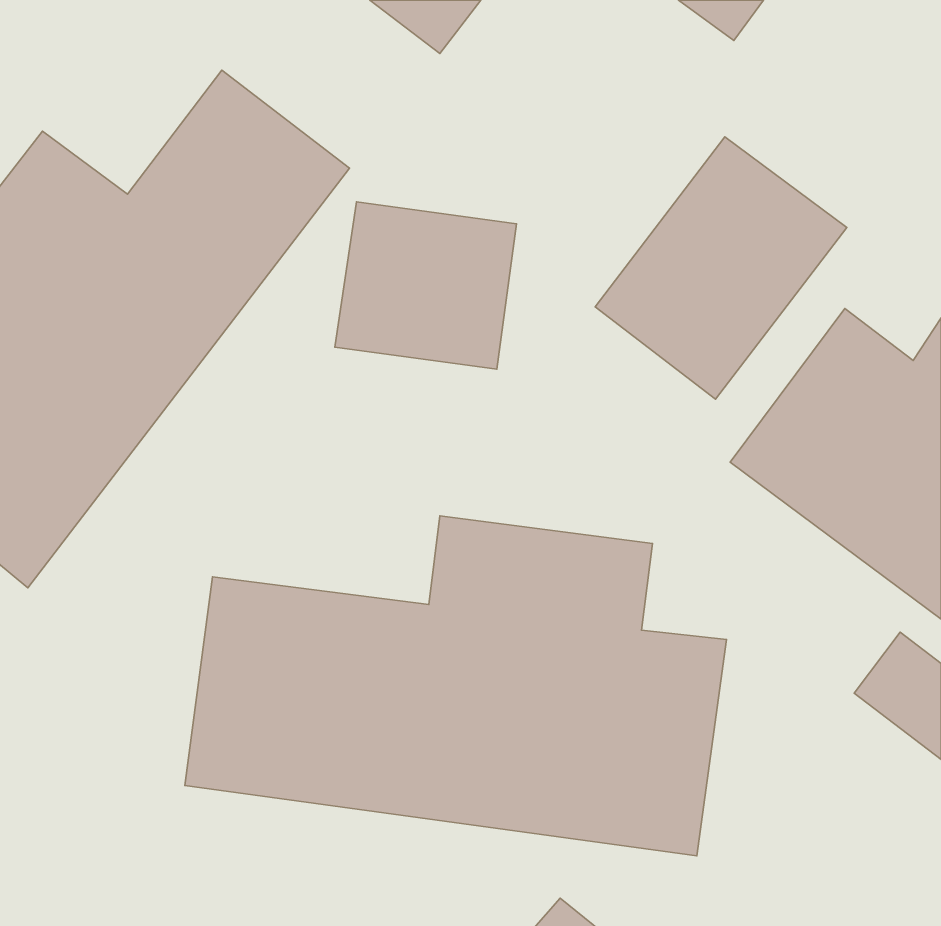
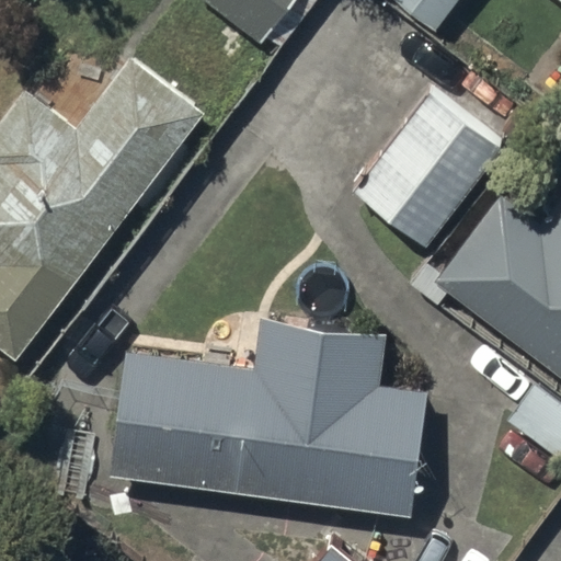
building: [335,202,516,369] -> none

